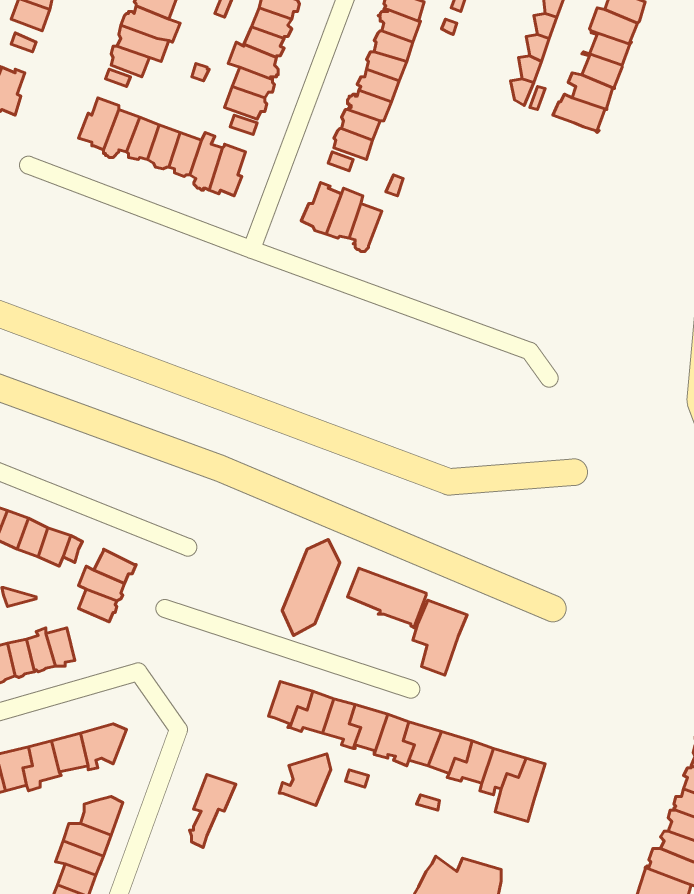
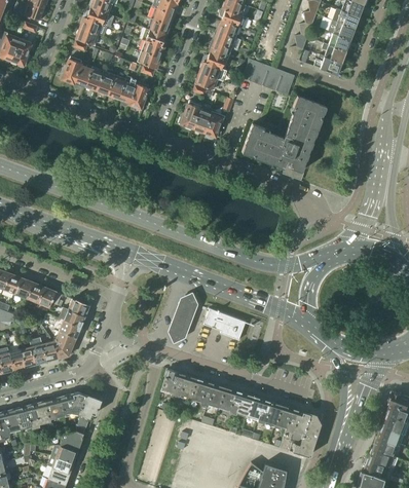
building: none -> [243,60,295,96]
building: none -> [241,97,326,173]
building: [413,600,467,675] -> none
building: none -> [53,331,76,359]
building: [279,754,331,805] -> none
building: none -> [280,414,319,457]
building: [190,775,236,848] -> [76,396,101,435]

